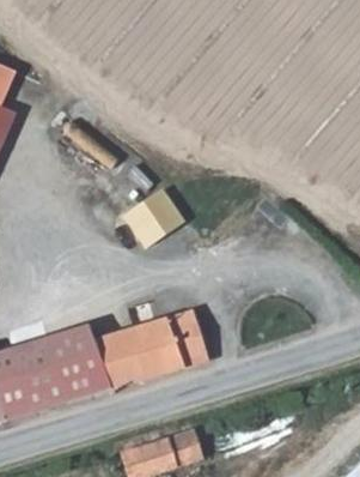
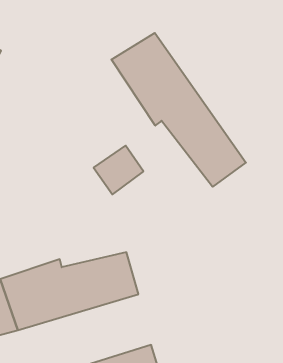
building: none -> [111,33,246,187]
building: [165,312,208,368] -> none

